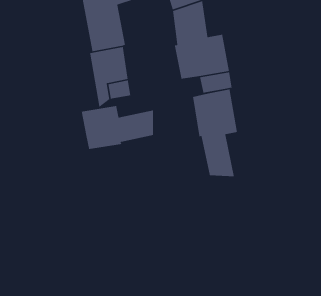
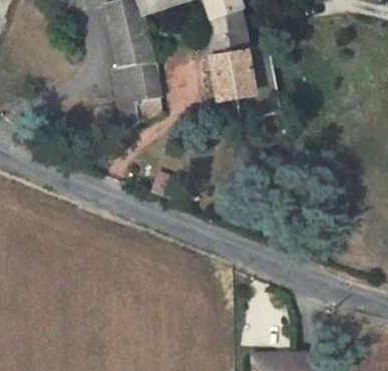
building: [192,88,238,177] -> none
building: [81,105,154,150] -> none

